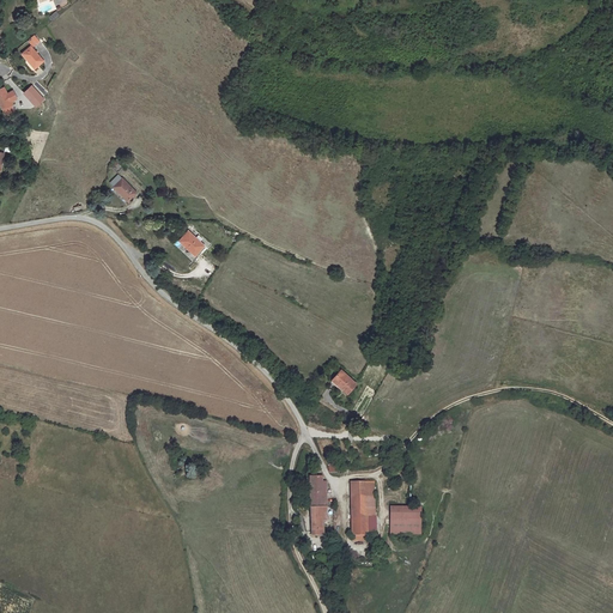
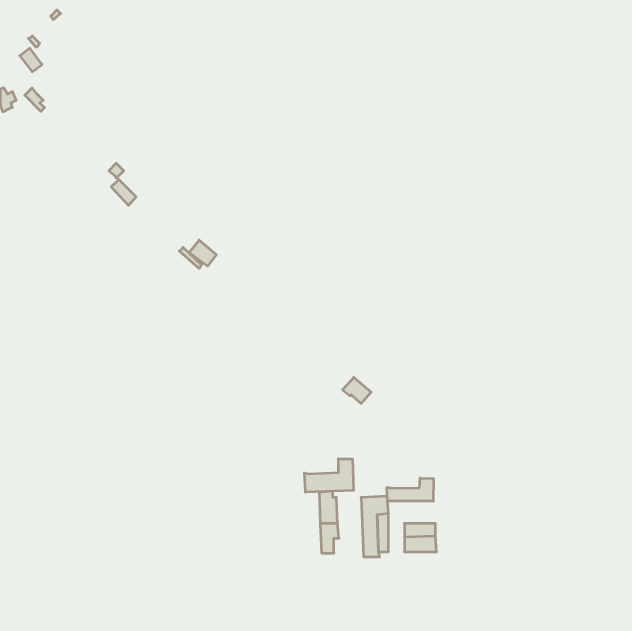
building: none -> [304,459,354,492]
building: none -> [387,478,433,501]

